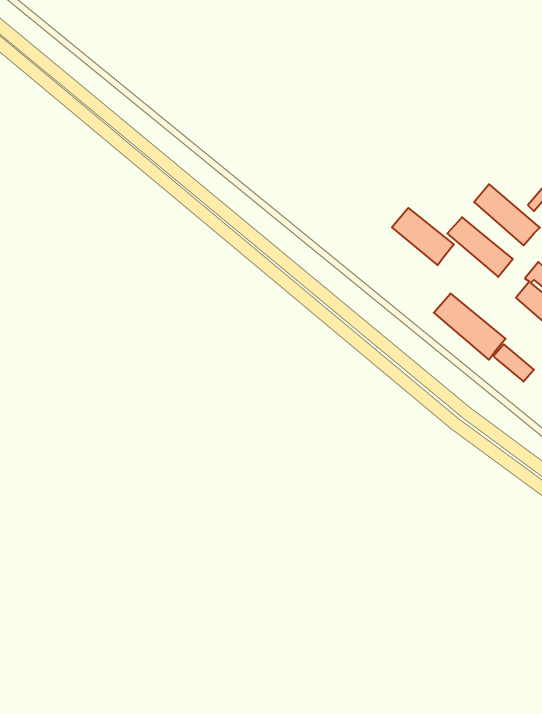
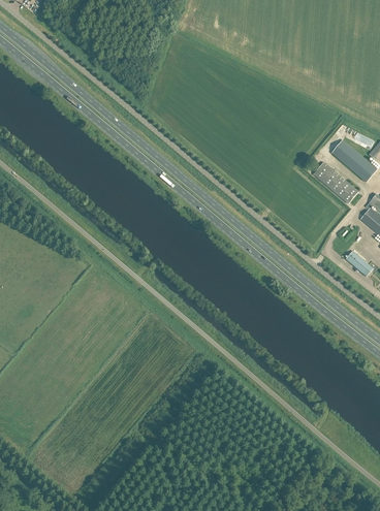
building: [392,208,454,265] -> none
building: [434,293,506,360] -> none

